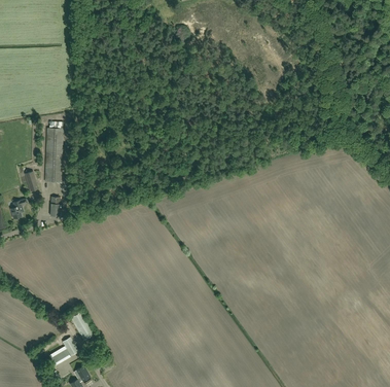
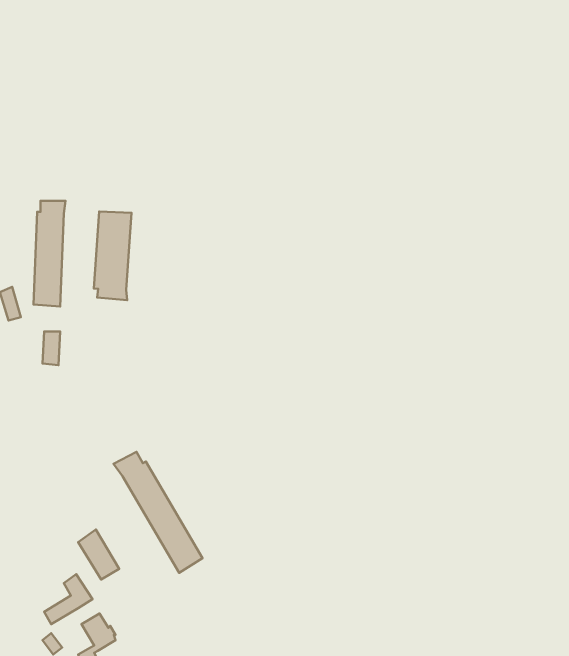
building: none -> [94,212,132,300]
building: none -> [114,452,203,573]

